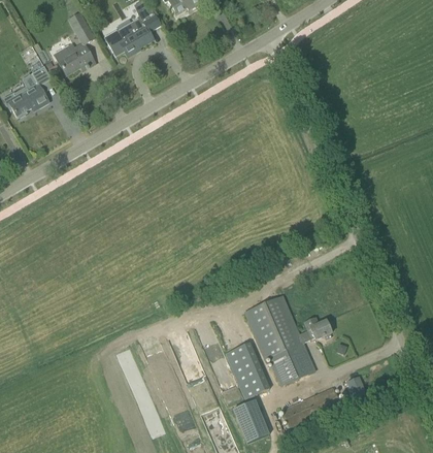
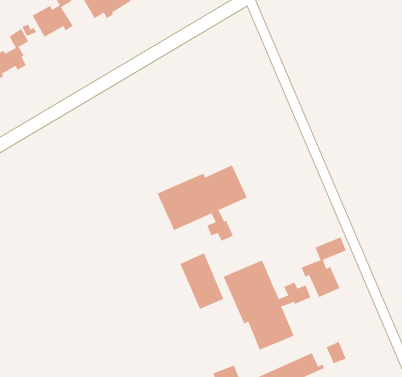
building: none -> [157,164,247,242]
building: none -> [301,236,346,298]
building: [225,342,269,398] -> [180,252,224,310]

